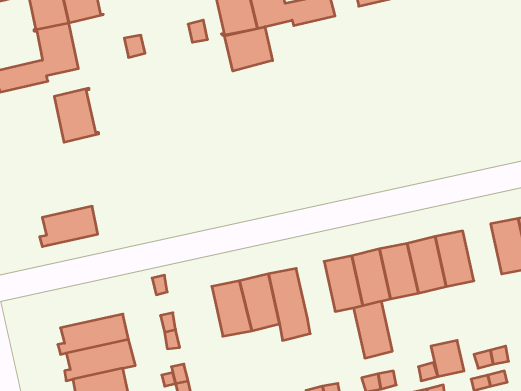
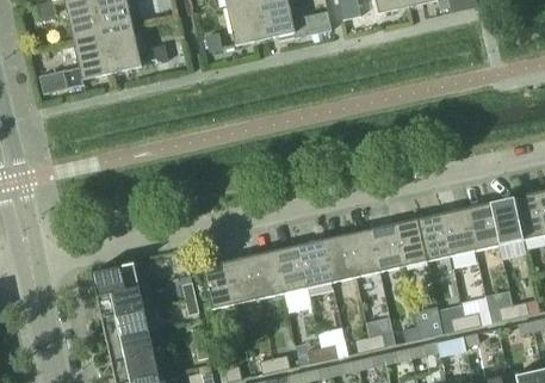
building: [224,27,273,71] -> none
building: [54,88,99,142] -> [103,26,141,73]
building: [40,206,98,247] -> [88,262,138,297]
building: none -> [441,206,475,255]
building: none -> [202,260,235,309]
building: [354,301,392,358] -> [298,239,332,288]

